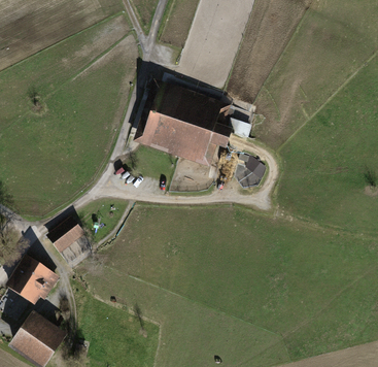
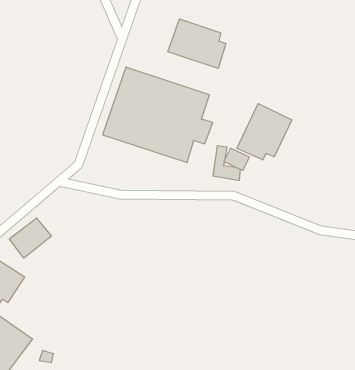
building: none -> [168,19,226,68]
building: none -> [237,104,292,160]

